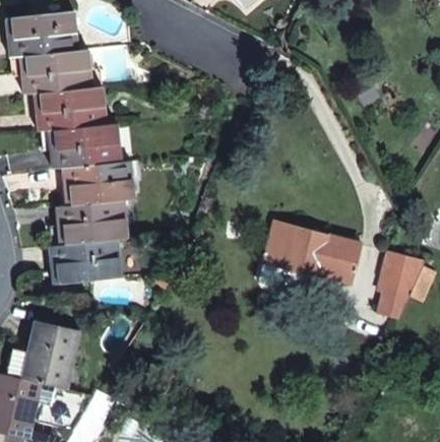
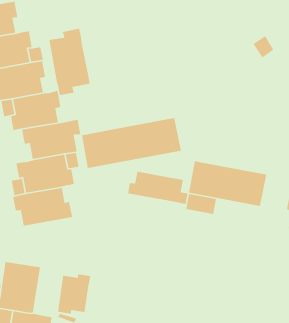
building: none -> [49,28,91,96]
building: none -> [81,117,182,169]
building: none -> [127,171,188,205]
building: none -> [57,273,91,315]

